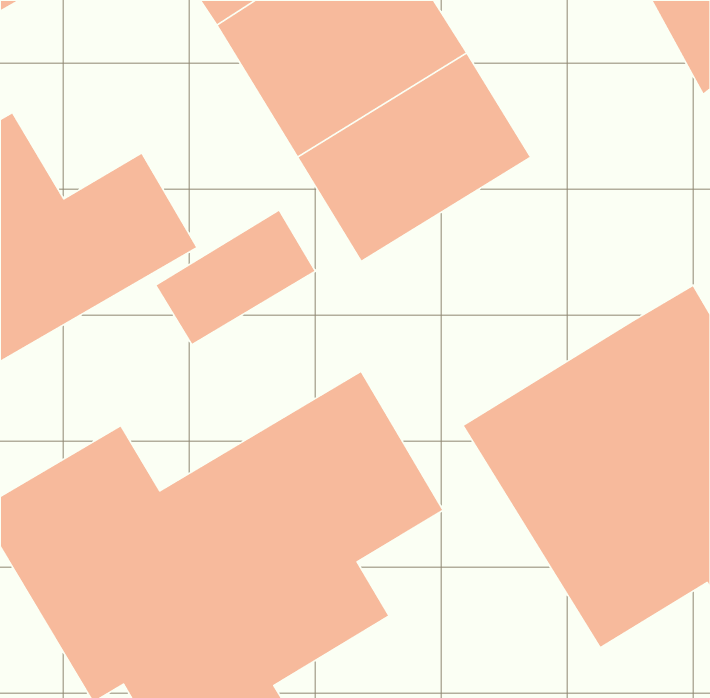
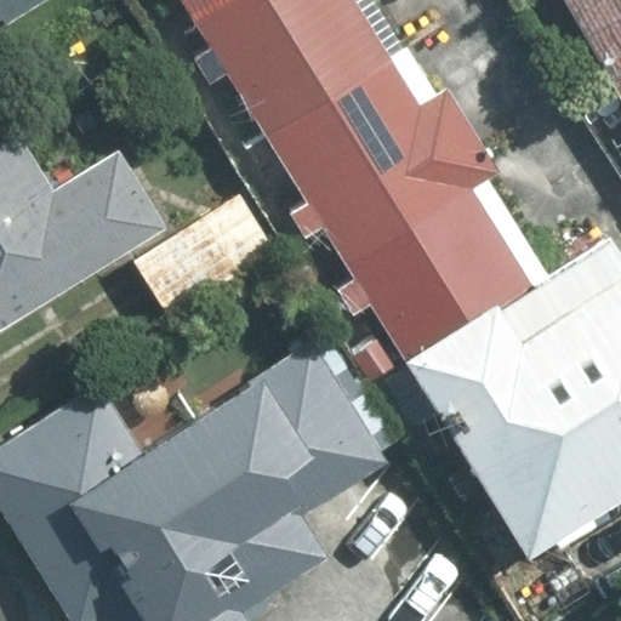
building: none -> [315,148,552,382]

